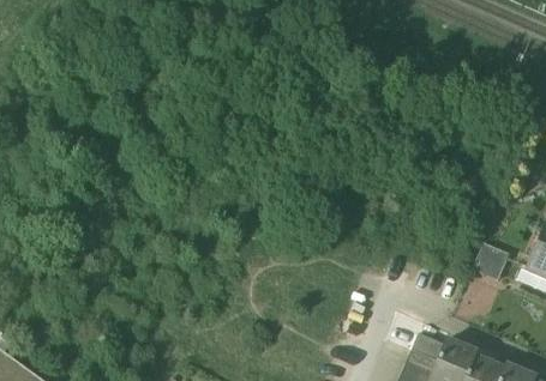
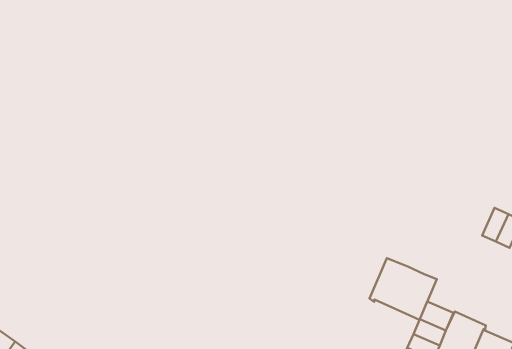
building: none -> [369,258,437,320]

